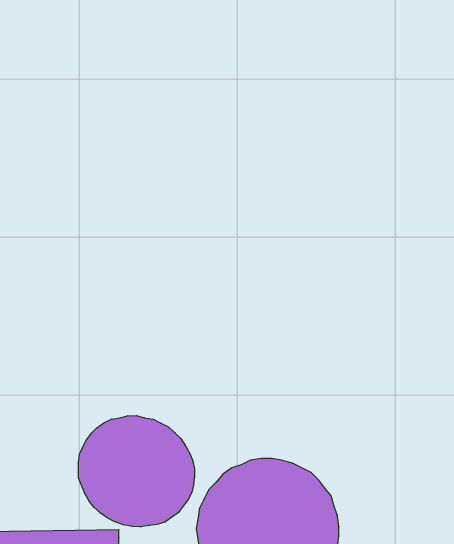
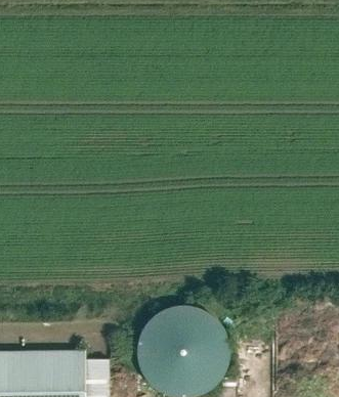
building: [78,416,195,527] -> none

